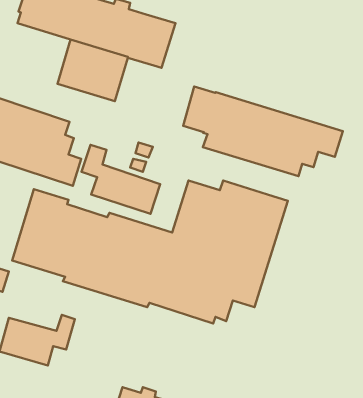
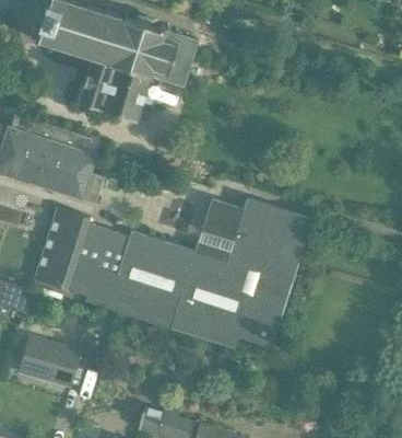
building: [183,87,343,176] -> none
building: [82,145,160,214] -> none

